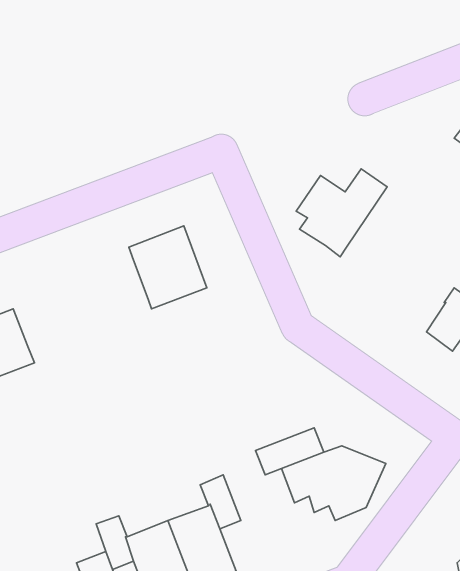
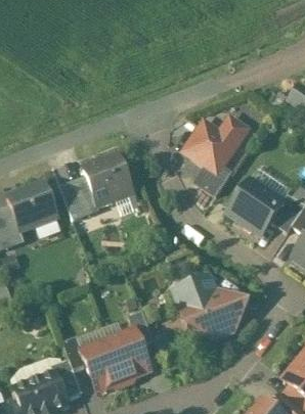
building: none -> [195,167,229,195]
building: none -> [59,176,94,220]
building: none -> [226,180,281,235]
building: none -> [6,183,56,230]

